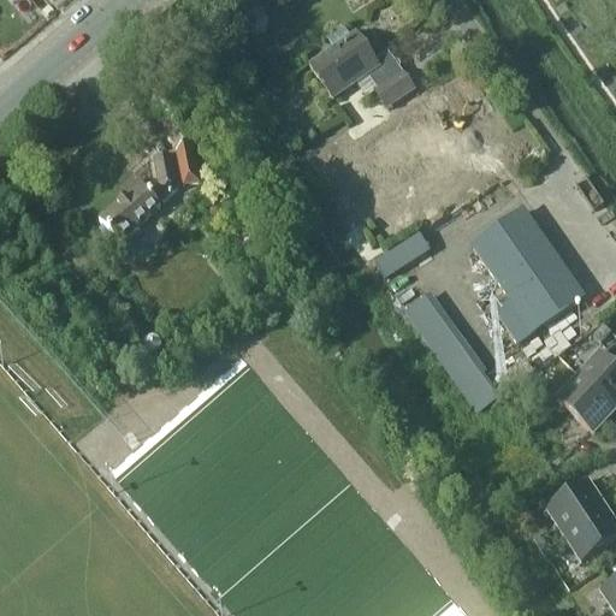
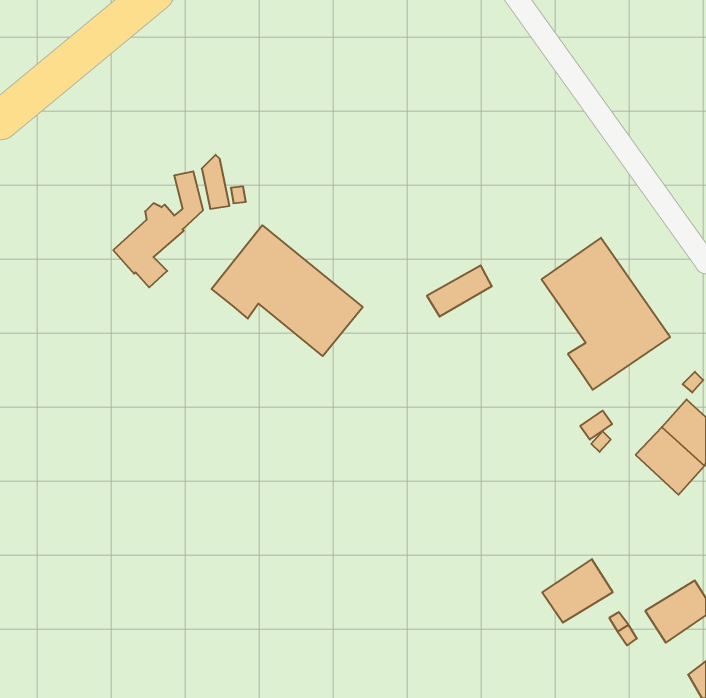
building: [308,24,414,107] -> none
building: none -> [212,225,363,356]
building: [404,291,500,410] -> none
building: [544,476,605,532] -> [542,559,613,623]

